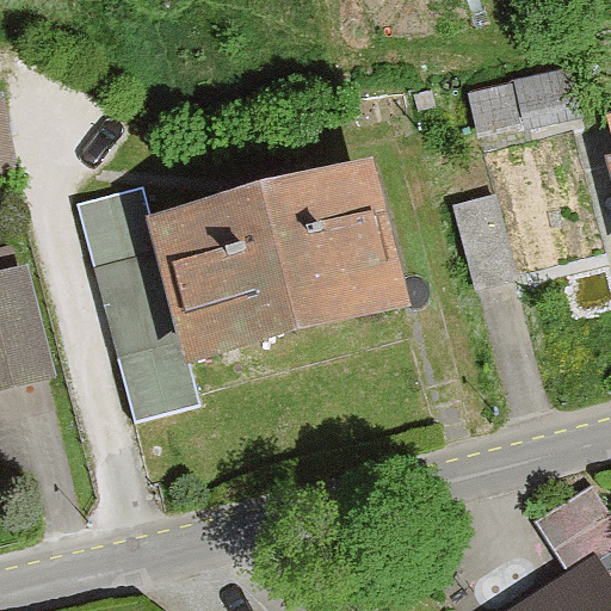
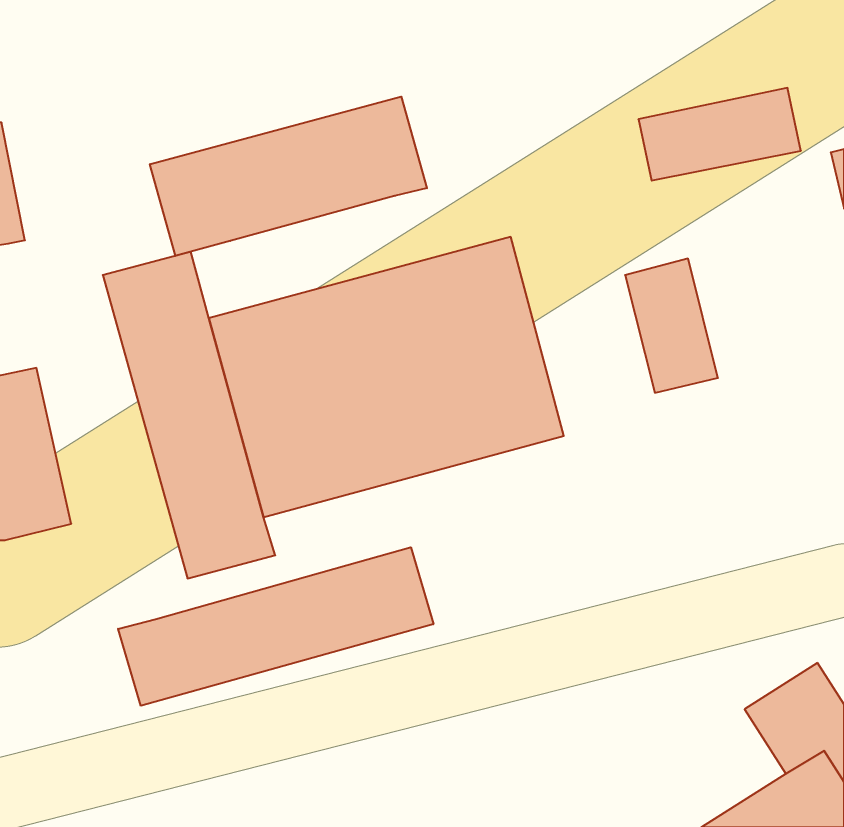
building: none -> [150,97,427,256]
building: none -> [118,547,433,706]

